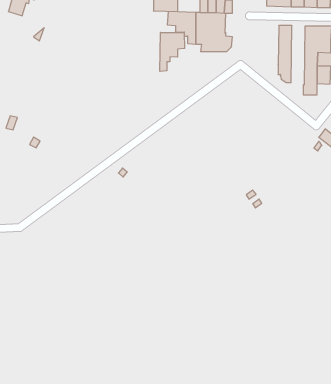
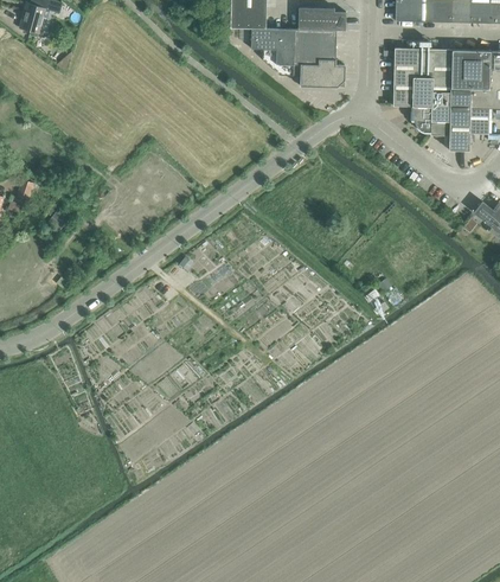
building: none -> [392,49,412,105]
building: none -> [430,49,450,135]
building: [160,32,185,71] -> none

